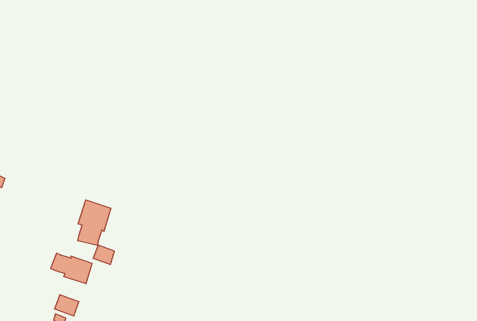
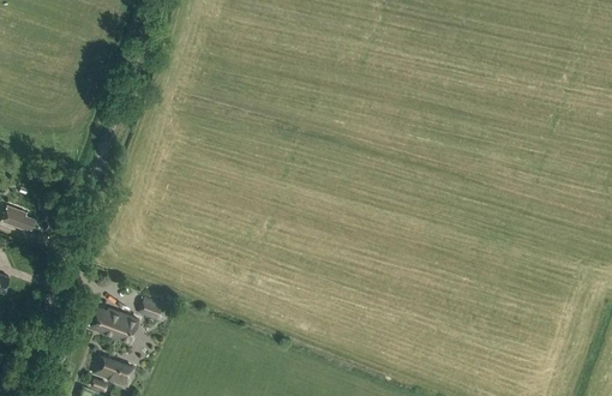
building: [78,200,111,246] -> none

